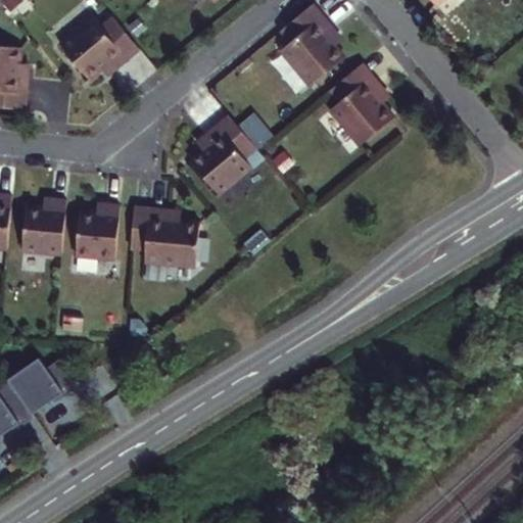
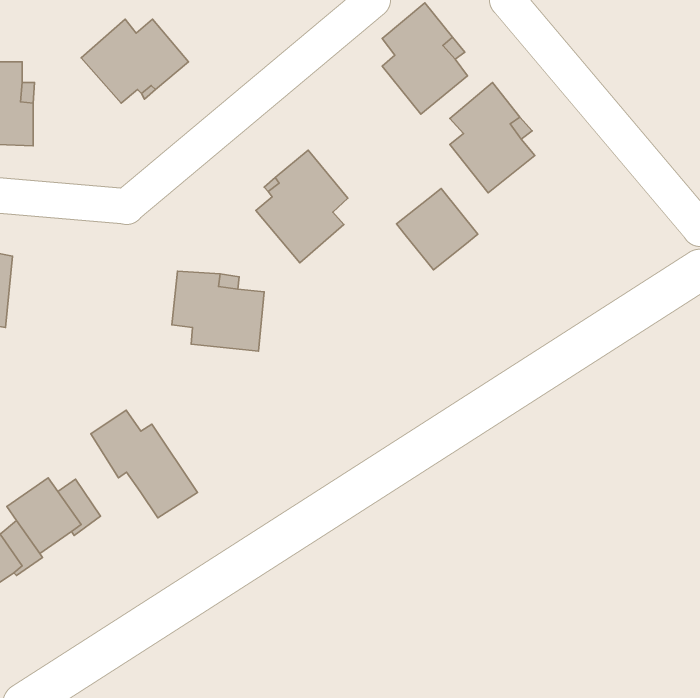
building: none -> [397,188,478,270]
building: [19,197,64,252] -> none
building: [73,202,117,257] -> none
building: none -> [91,410,197,518]

